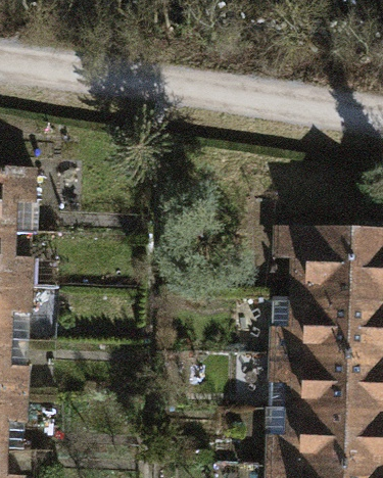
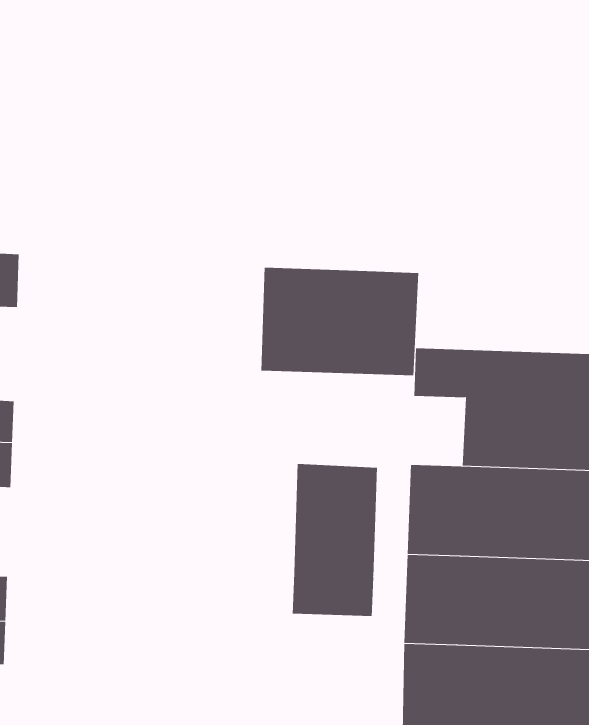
building: none -> [261,267,419,376]
building: none -> [292,463,377,617]

